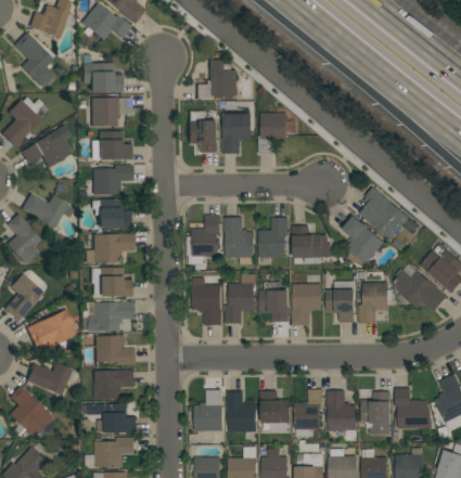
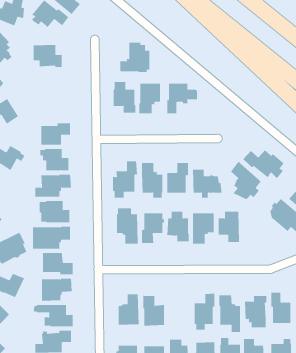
building: [91,98,132,127] -> none
building: [100,131,132,160] -> none
building: [359,283,394,324] -> none
building: [260,391,291,432] -> none

